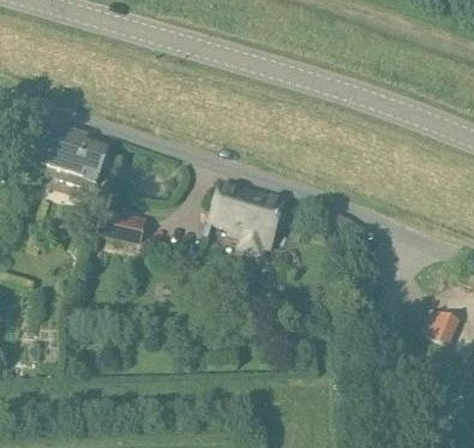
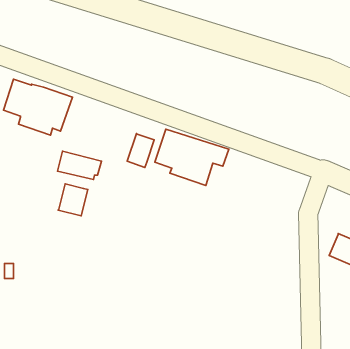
building: none -> [127,134,154,167]
building: none -> [58,184,88,216]

